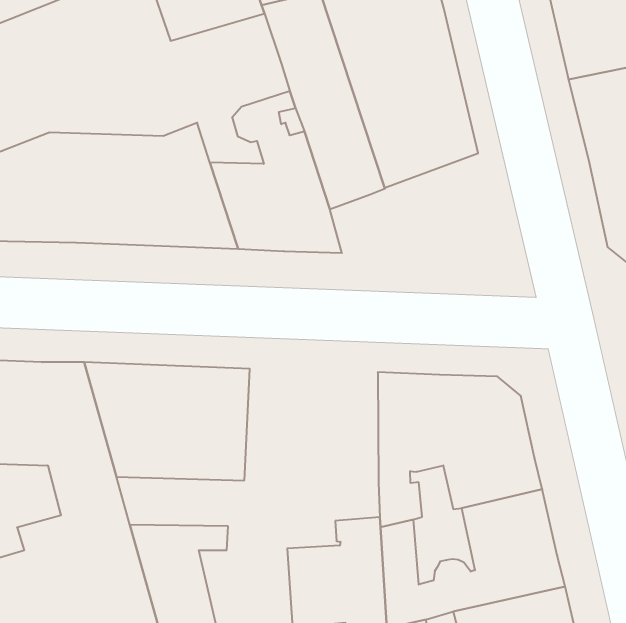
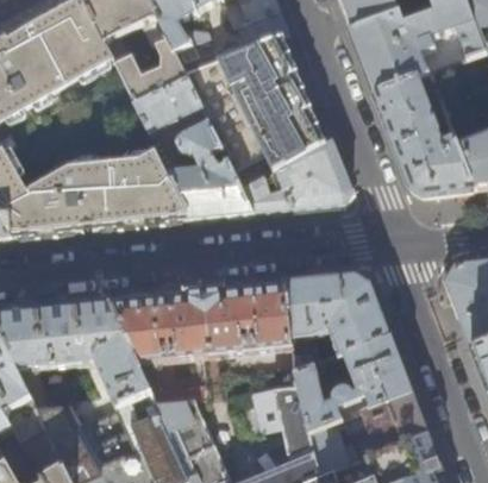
building: none -> [134,77,202,136]
building: none -> [243,140,351,213]
building: none -> [208,281,294,356]

